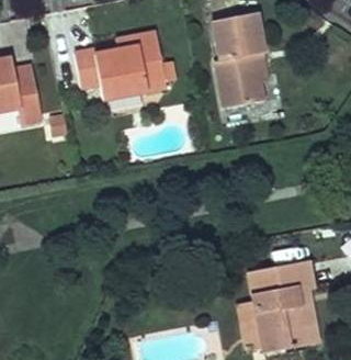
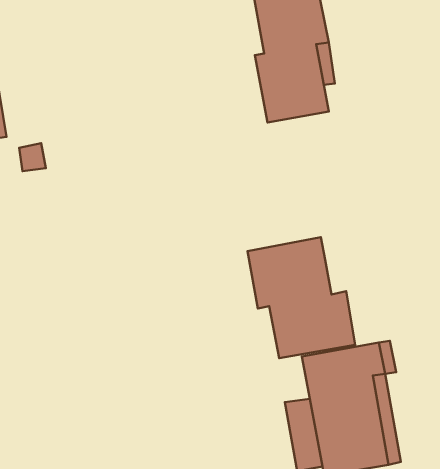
building: [71,31,168,103] -> none
building: none -> [247,237,355,358]

